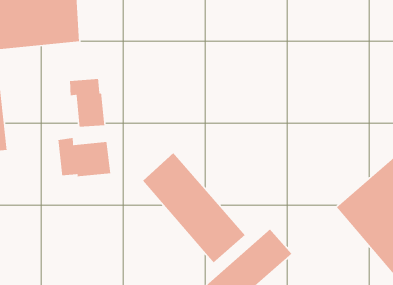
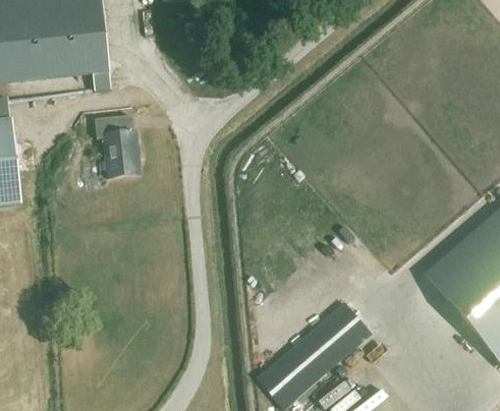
building: [58,137,111,177] -> none
building: [142,152,246,264] -> none

